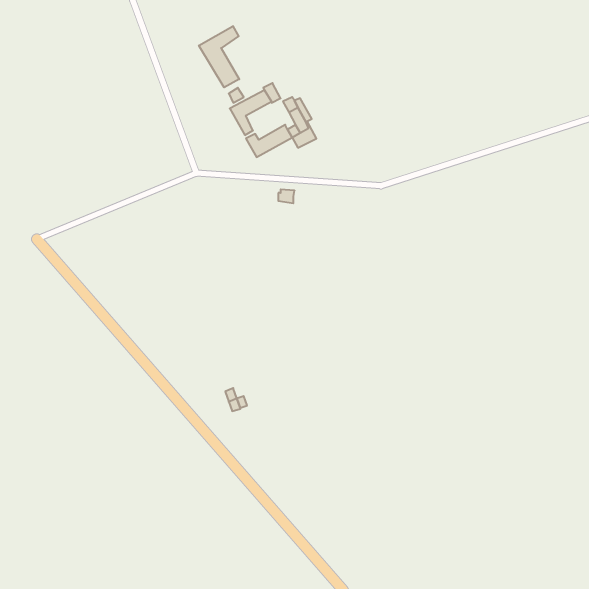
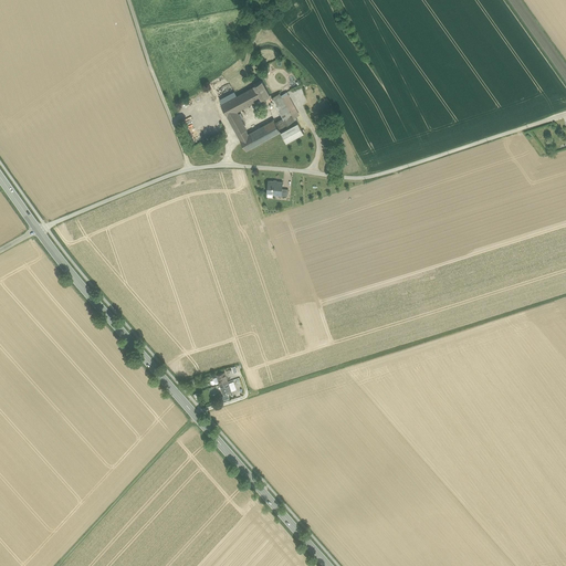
building: [199,26,239,87] -> none

